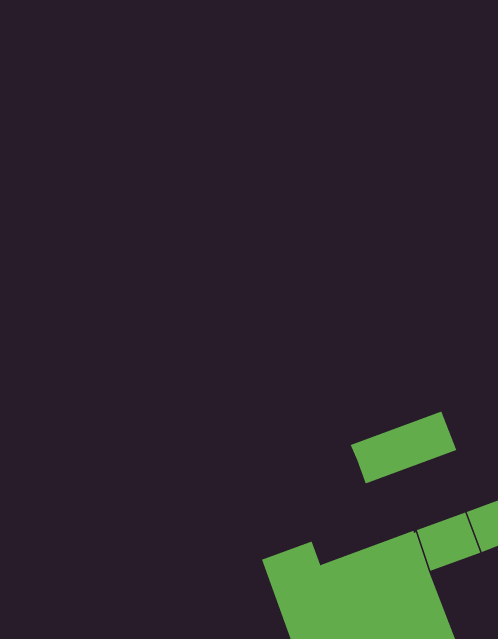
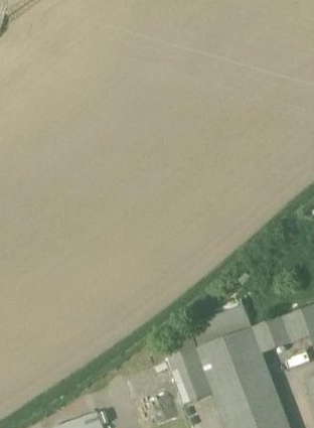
building: [350,411,457,484] -> [190,309,254,352]

